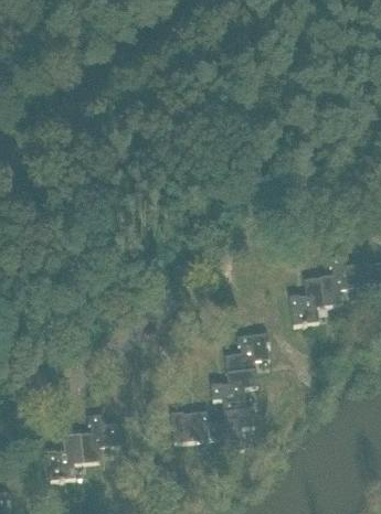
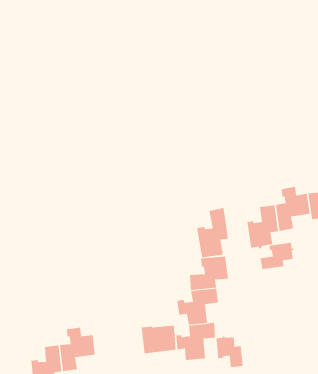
building: none -> [196,207,228,258]
building: none -> [260,242,294,270]
building: none -> [216,336,243,368]

